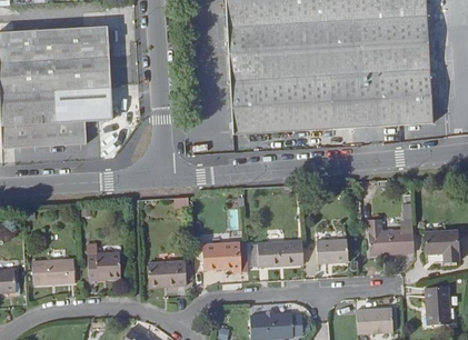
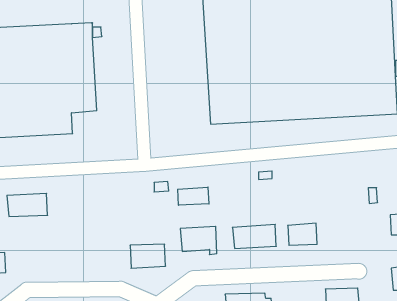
building: none -> [178,187,209,205]
building: [368,219,414,254] -> none
building: [86,243,120,280] -> none
building: [31,259,74,283] -> [7,193,48,216]

